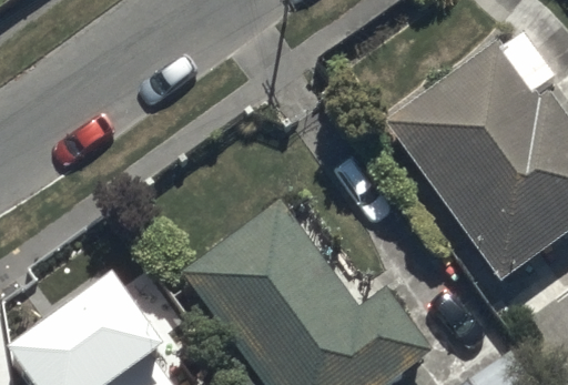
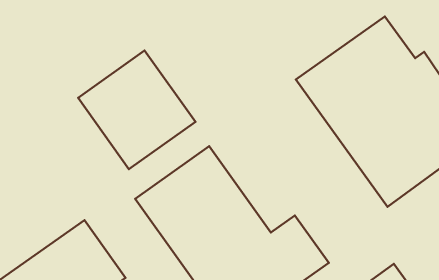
building: none -> [78,51,195,169]

